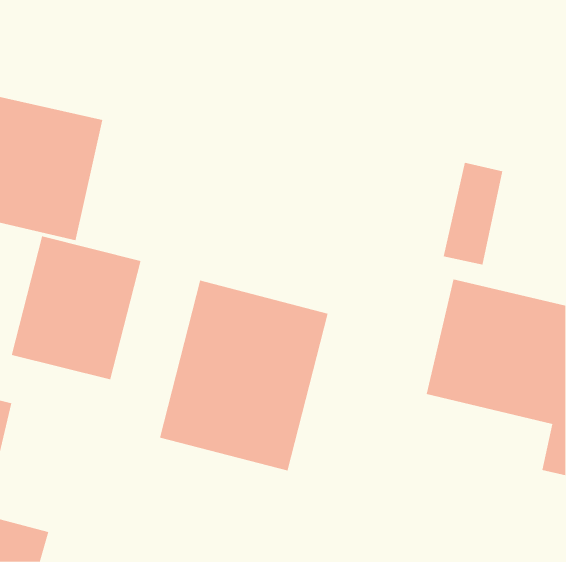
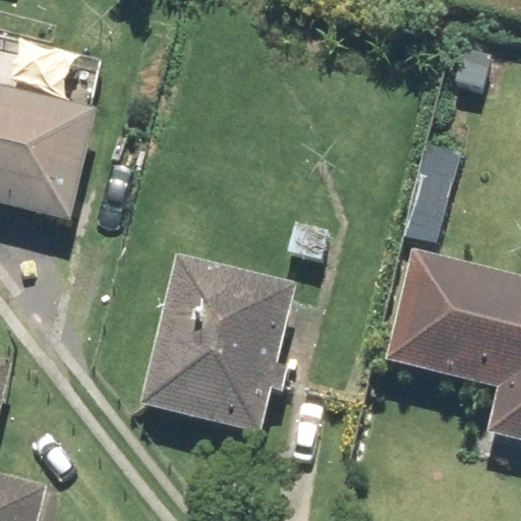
building: [11,236,141,380] -> none

